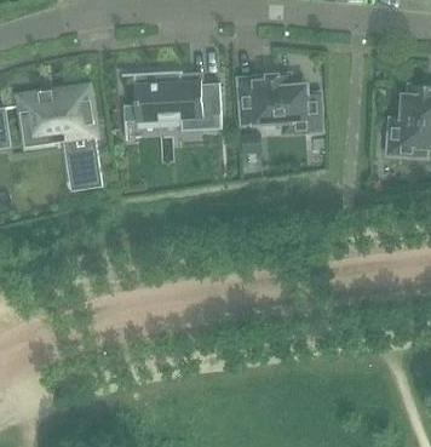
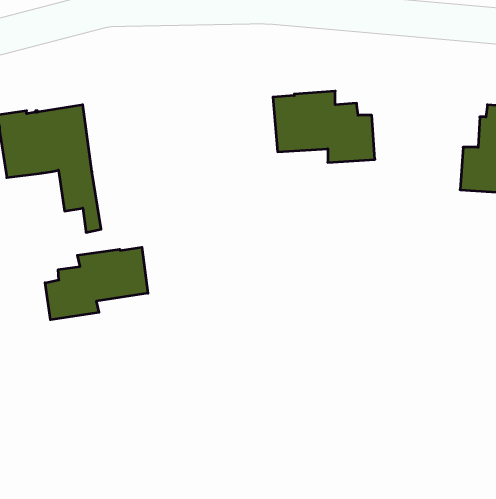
building: [120,70,220,139] -> none
building: none -> [45,247,148,320]

